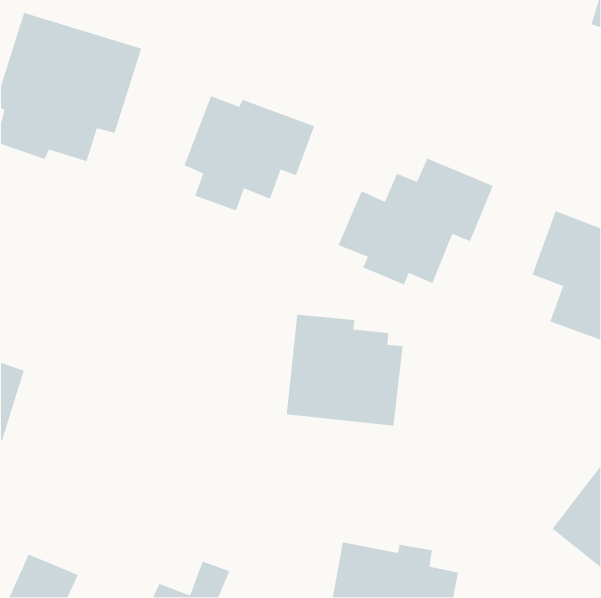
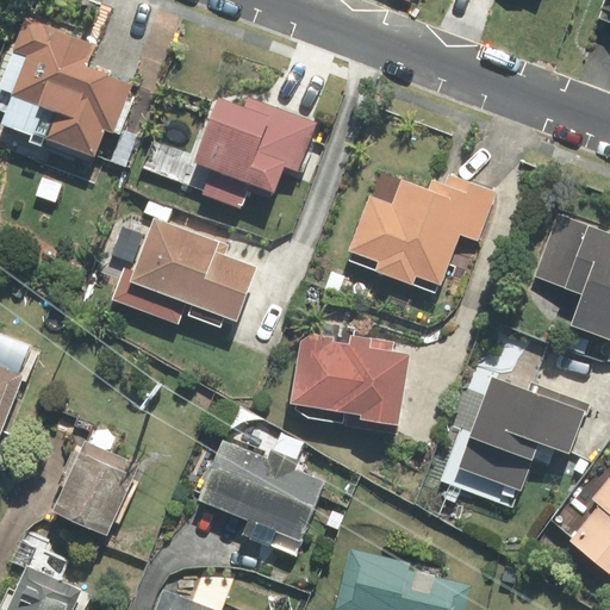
building: none -> [125,220,256,328]
building: none -> [436,368,589,510]
building: none -> [195,427,326,561]
building: none -> [43,440,138,544]

